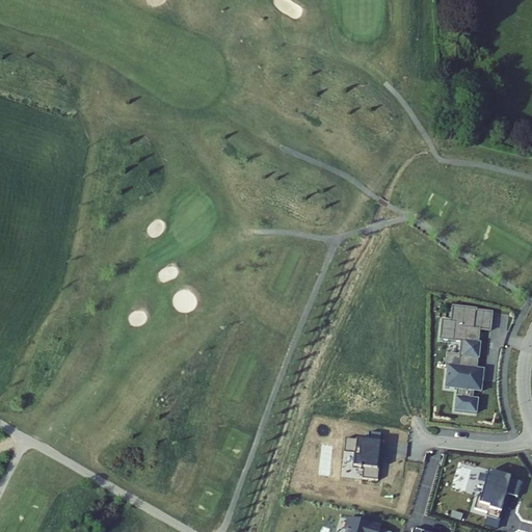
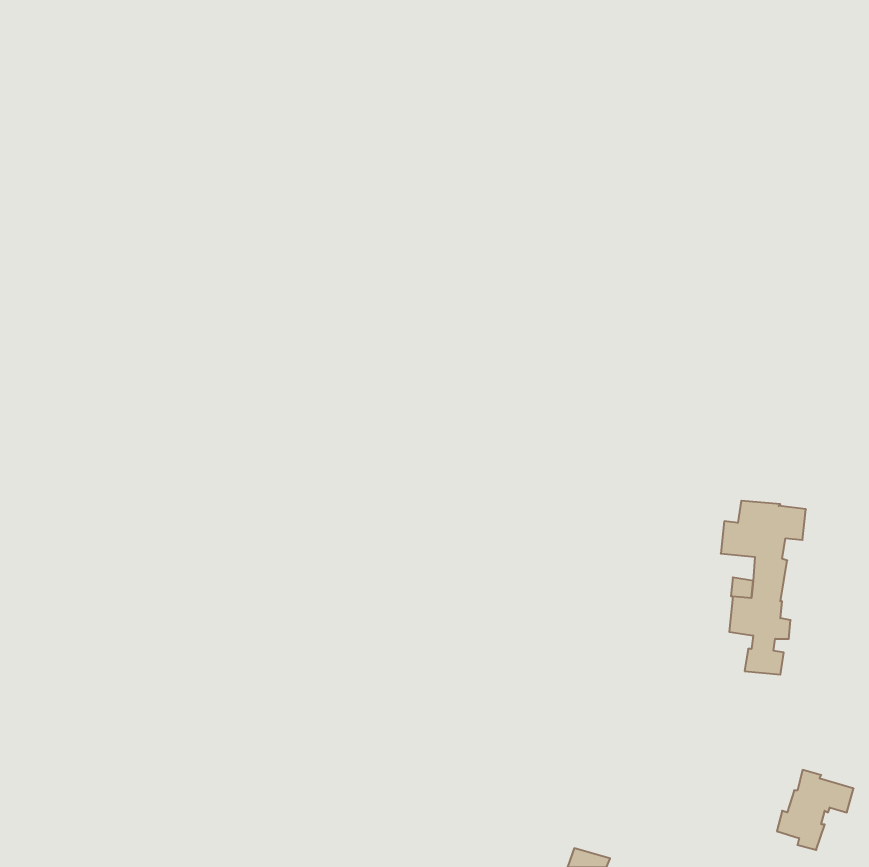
building: [346,435,380,477] -> none

